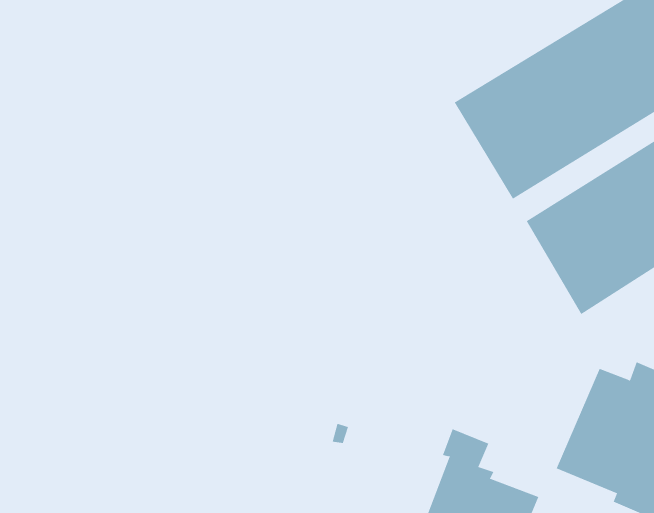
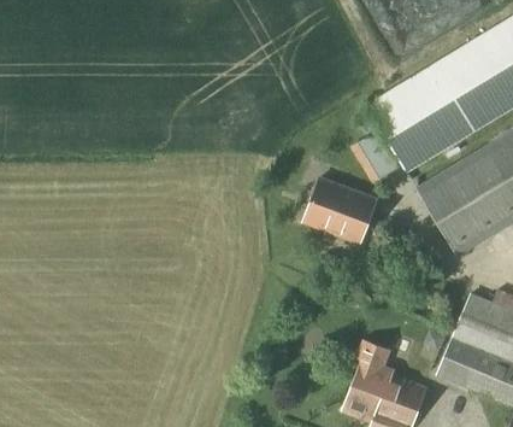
building: none -> [303,176,381,246]

